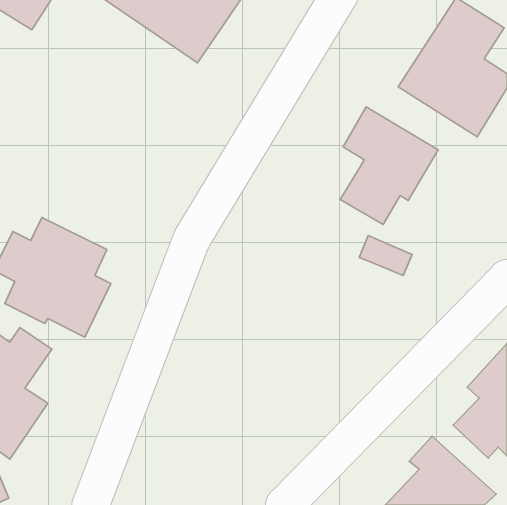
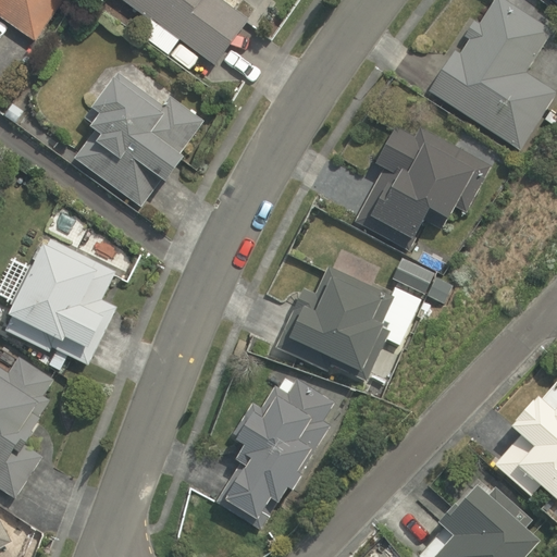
building: none -> [75,75,211,208]
building: none -> [273,270,420,383]
building: none -> [228,379,331,522]

